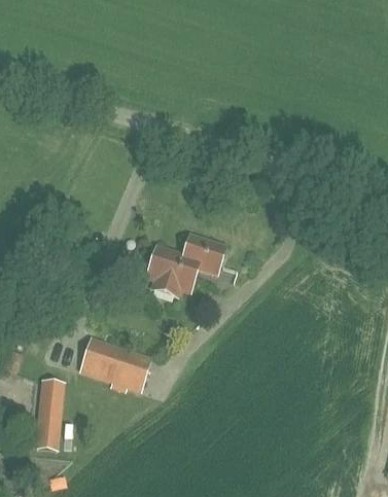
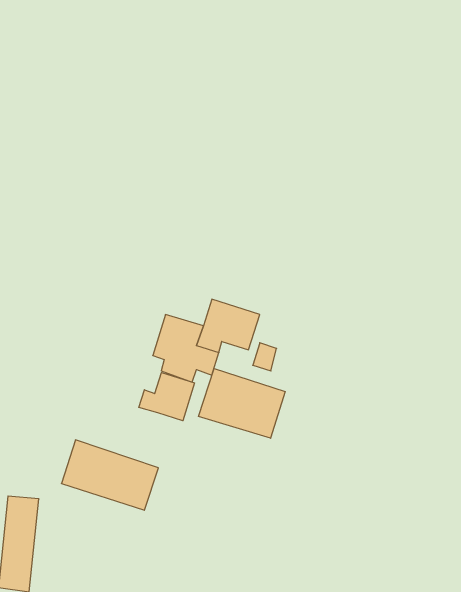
building: none -> [199,369,285,438]
building: none -> [139,373,195,421]

